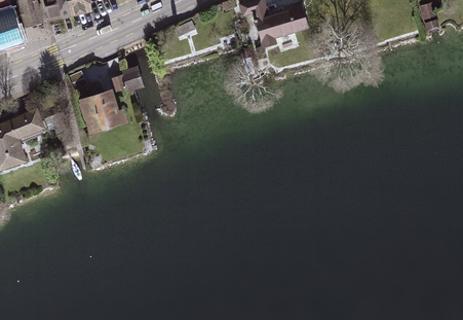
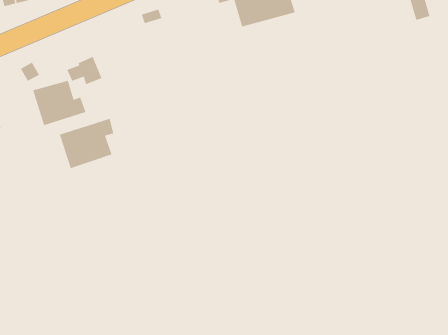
building: none -> [59,118,114,169]

